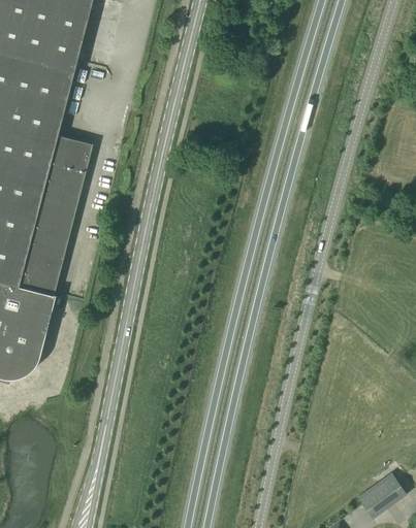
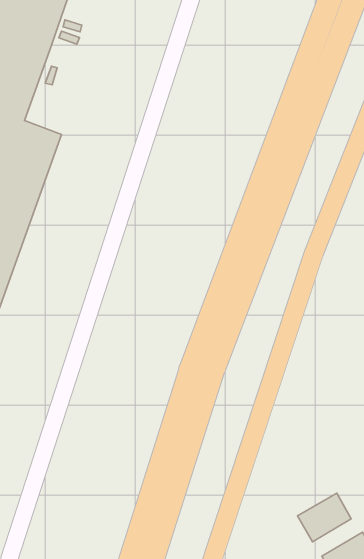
building: none -> [297,493,351,542]

